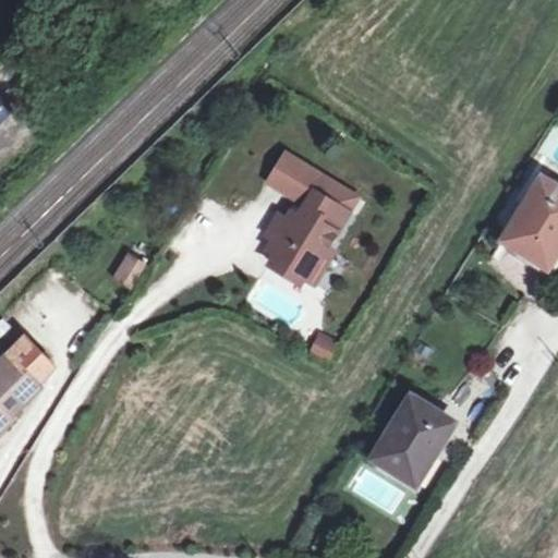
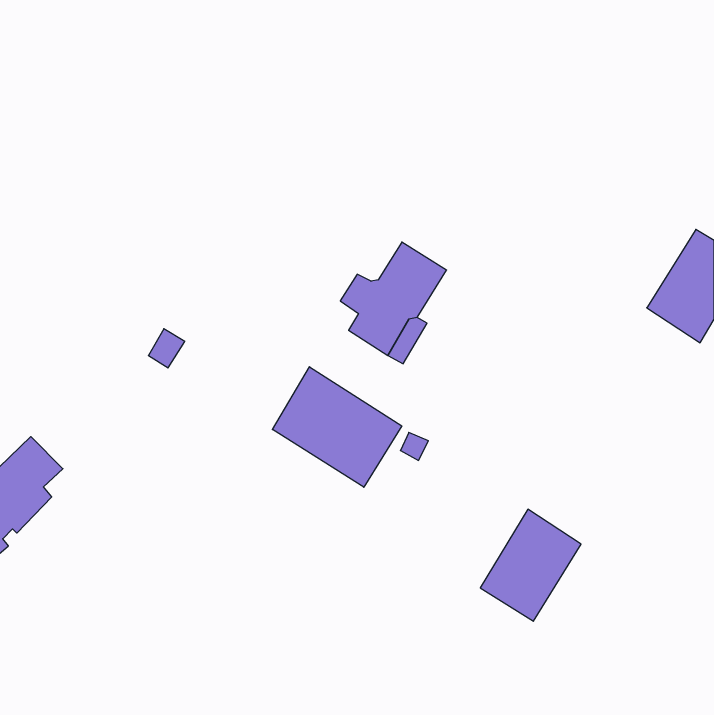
building: [267,153,356,210] -> none
building: none -> [272,367,402,487]

